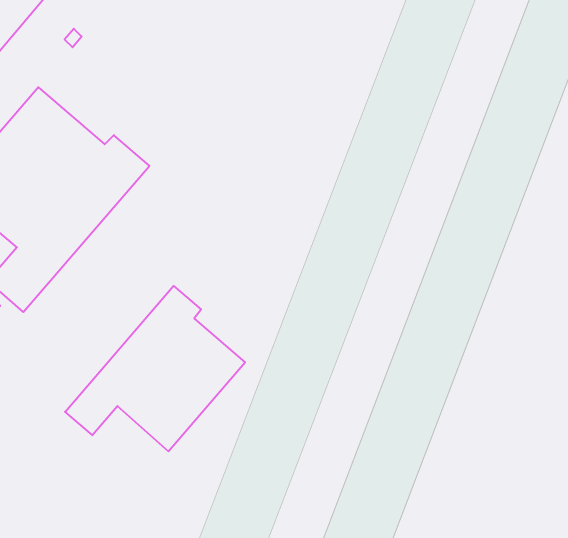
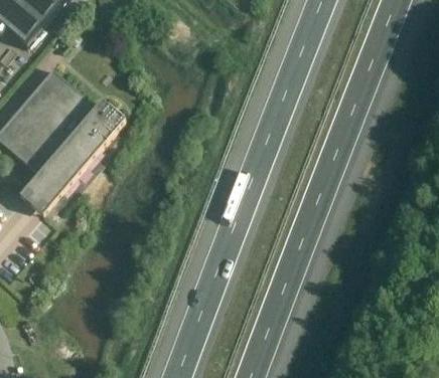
building: [65,286,245,451] -> none

